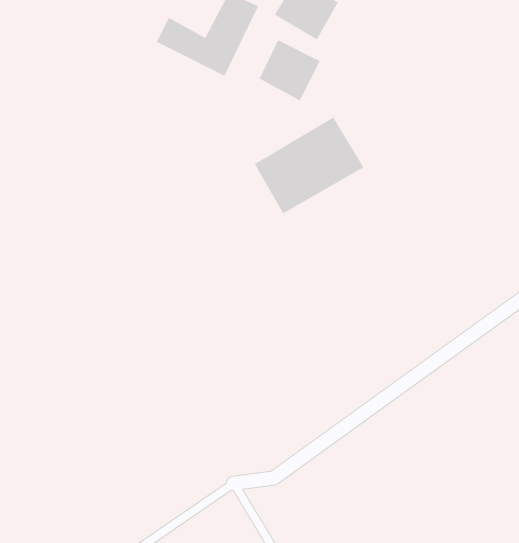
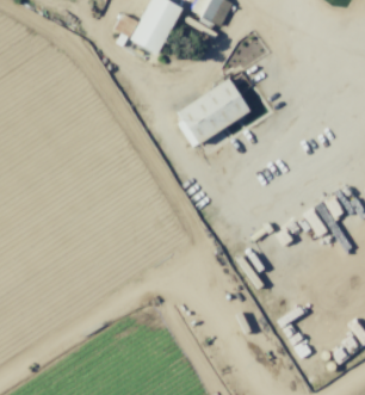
building: [258,39,321,102] -> none

